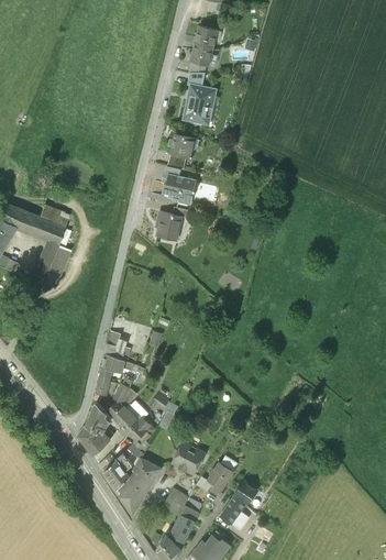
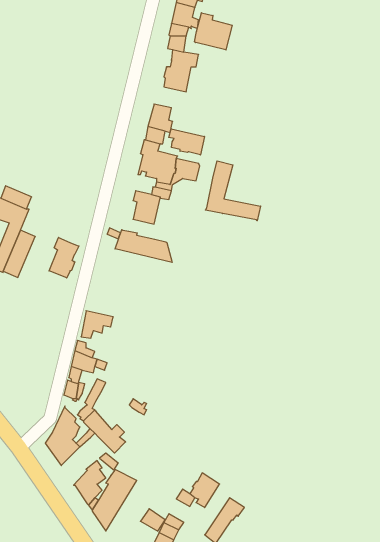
building: none -> [195,13,232,50]
building: none -> [169,129,204,155]
building: none -> [205,161,261,221]
building: none -> [115,230,172,262]
building: none -> [49,237,79,278]
building: [173,441,205,473] -> none

